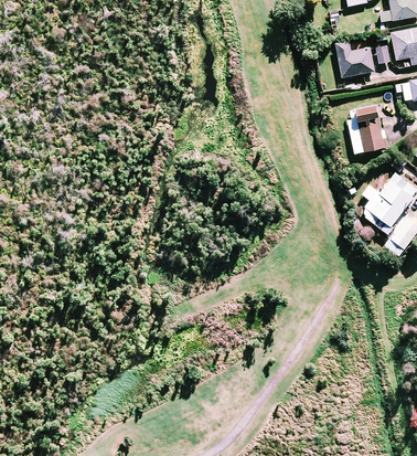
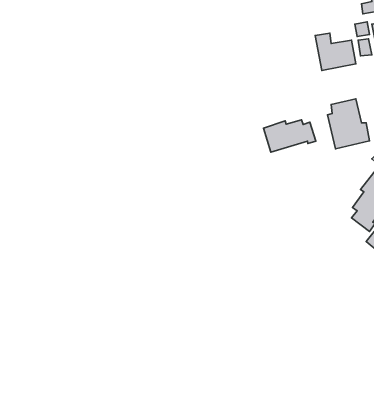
building: none -> [264,120,316,152]

